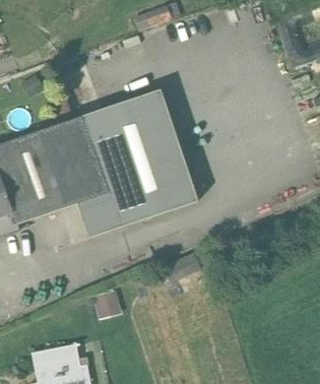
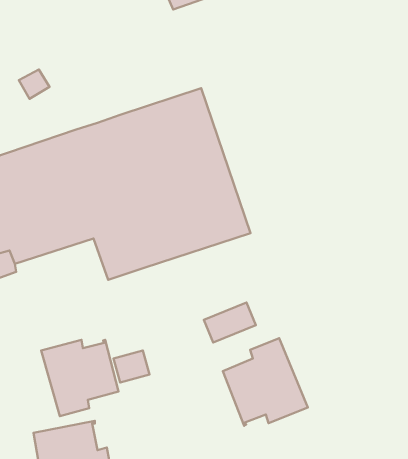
building: none -> [223,338,308,426]
building: none -> [41,340,118,416]

